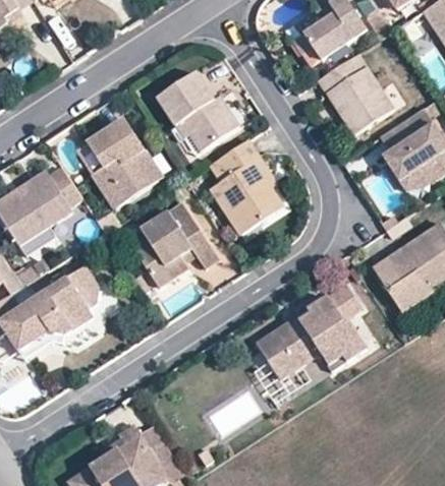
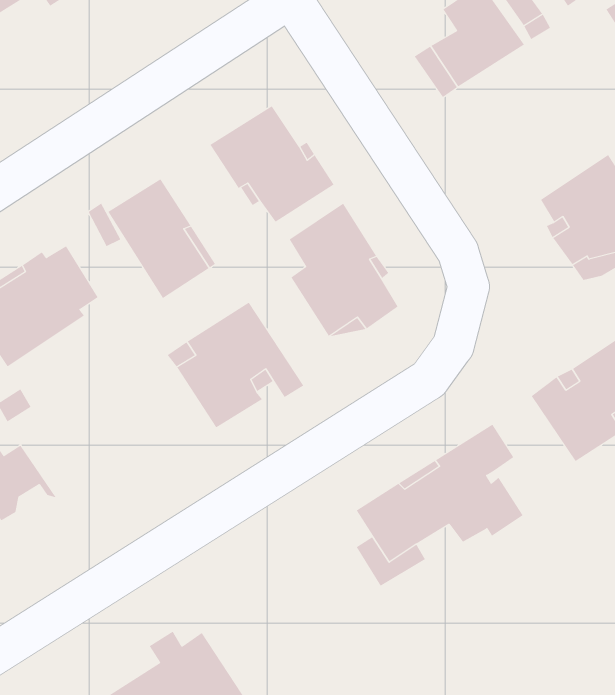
building: [316,53,392,133] -> none
building: [31,266,96,336] -> none

